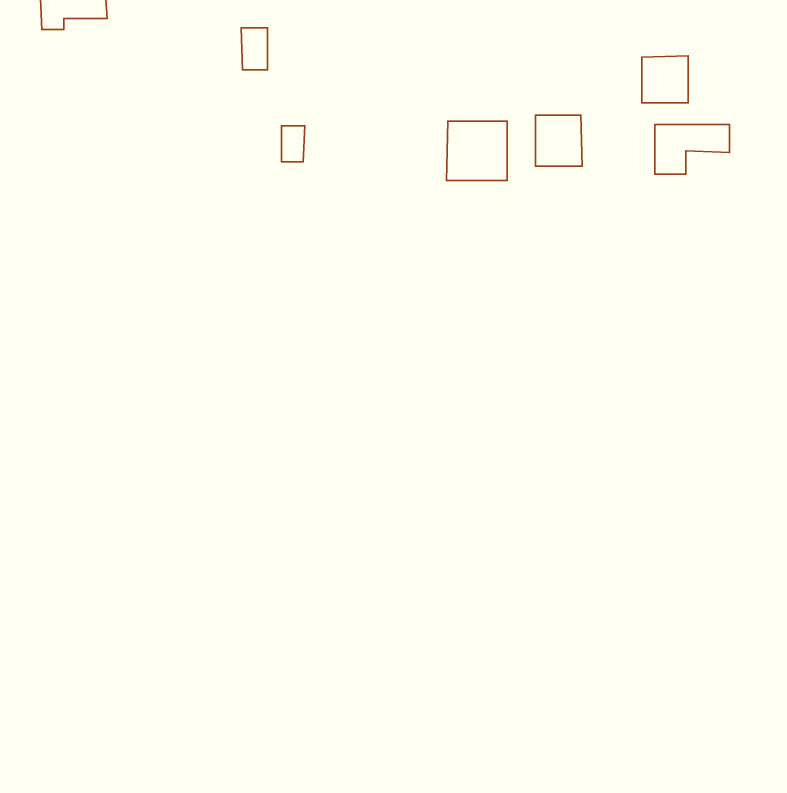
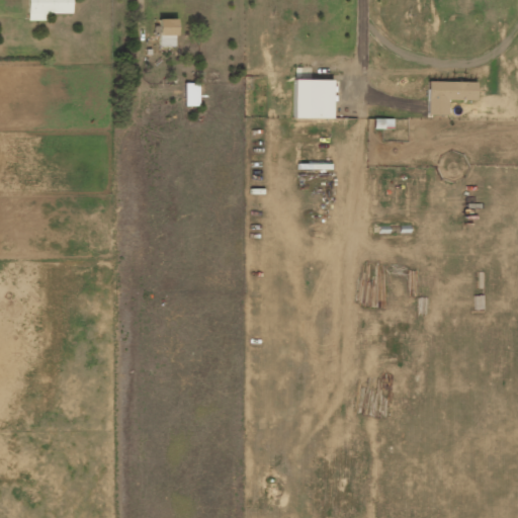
building: [642,56,688,103] -> none
building: [535,115,582,166] -> none

